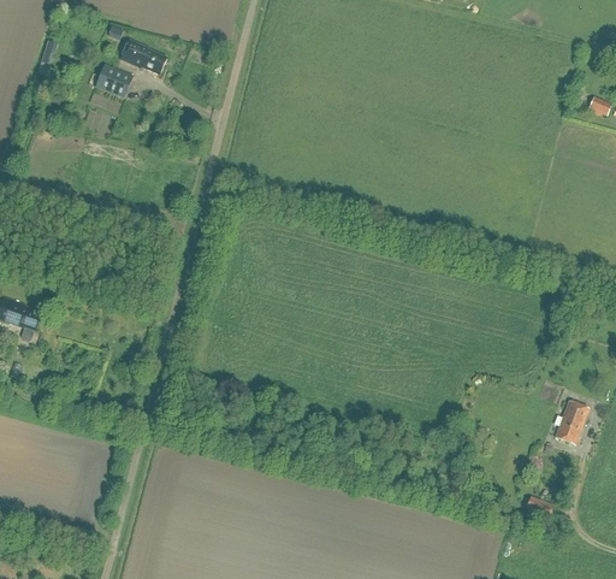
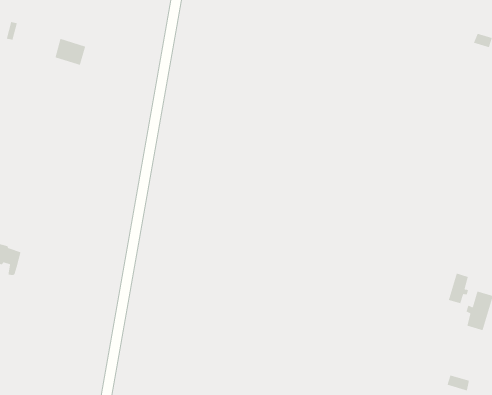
building: [119,37,166,73] -> none
building: none -> [448,273,469,304]

